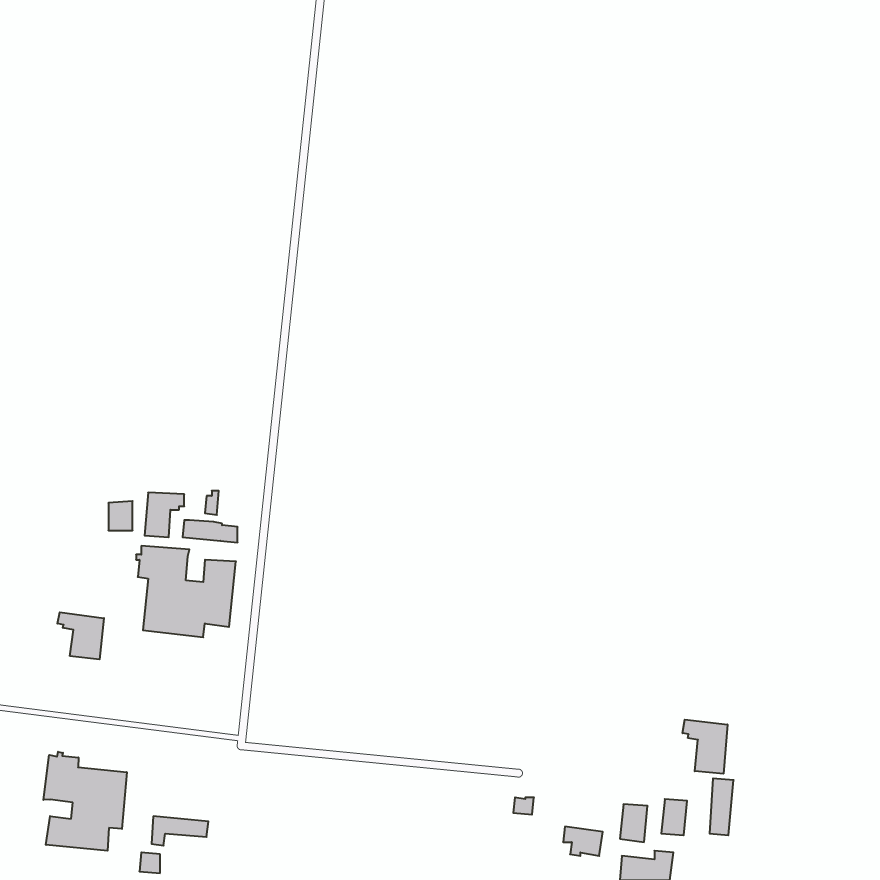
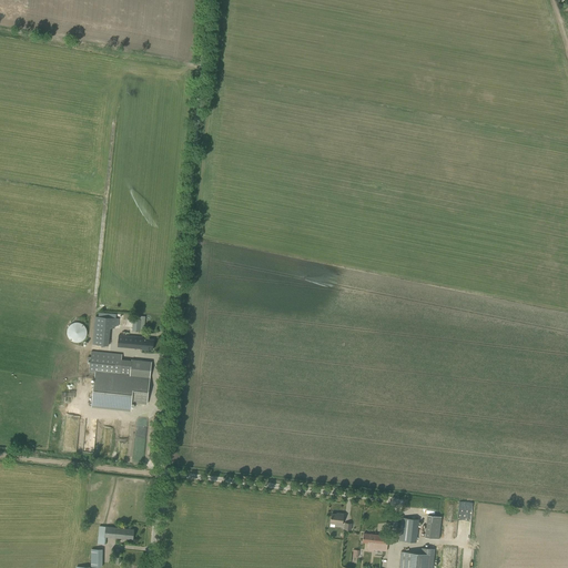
building: [57,612,104,659] -> none
building: [683,720,727,774] -> none
building: [43,752,127,851] -> none

